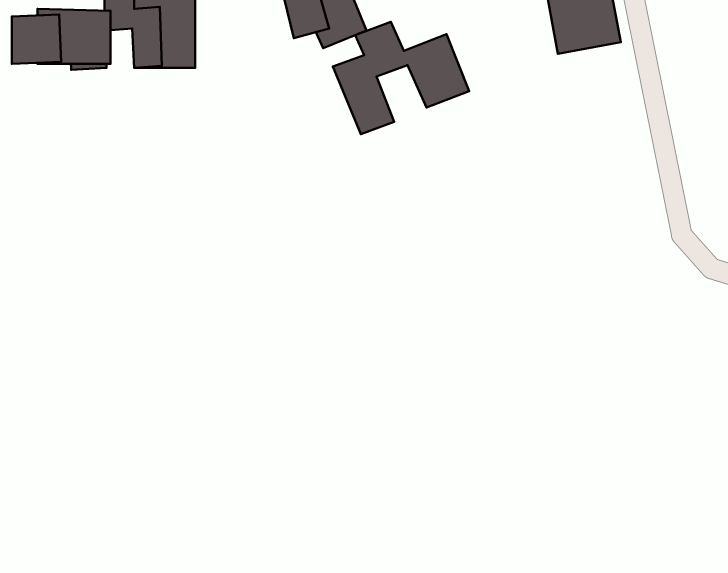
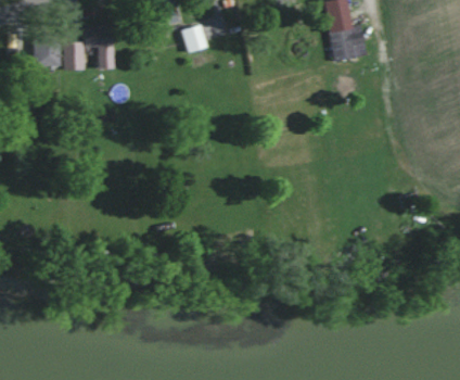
building: [333,22,469,134] -> none

